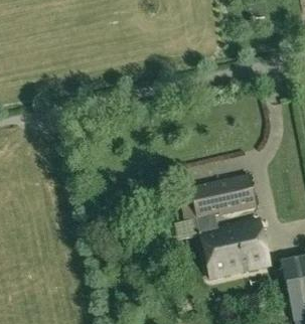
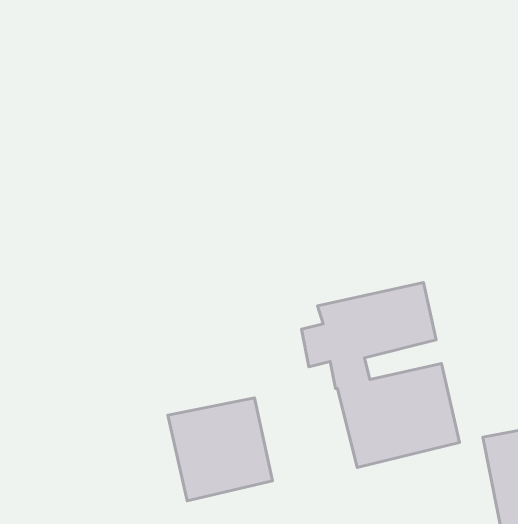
building: none -> [168,398,272,501]

